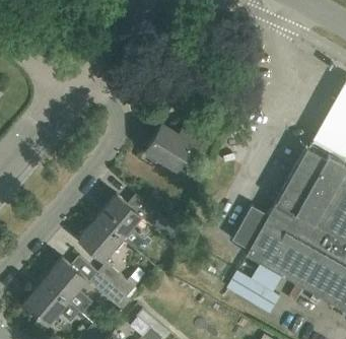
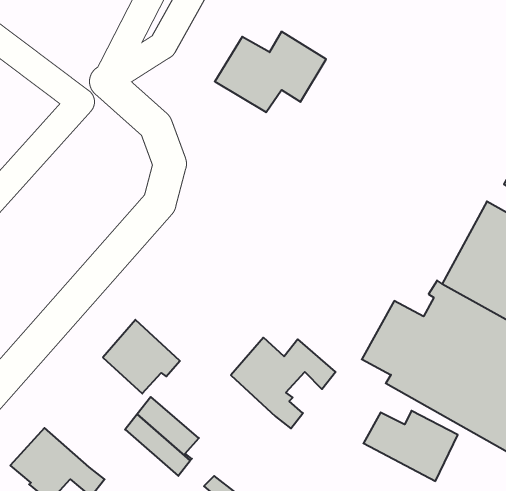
building: [144,122,210,170] -> [215,32,326,112]
building: [96,196,158,250] -> [231,338,336,428]
building: [43,259,85,306] -> none

